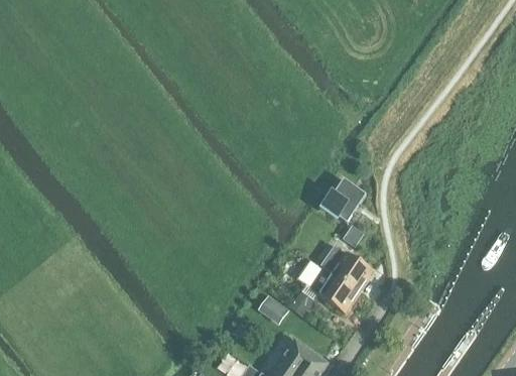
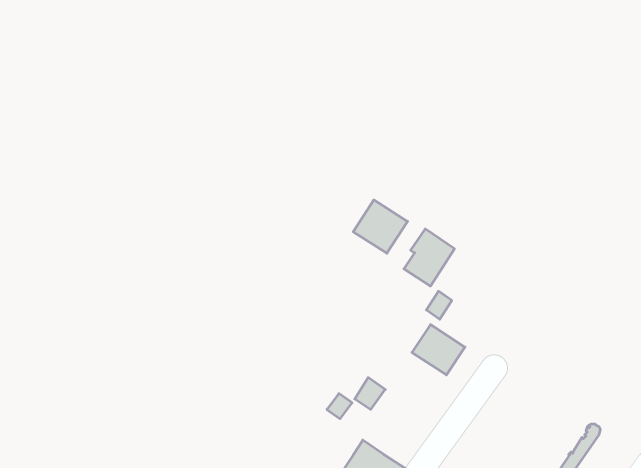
building: none -> [353,200,408,253]
building: [310,266,359,310] -> none

